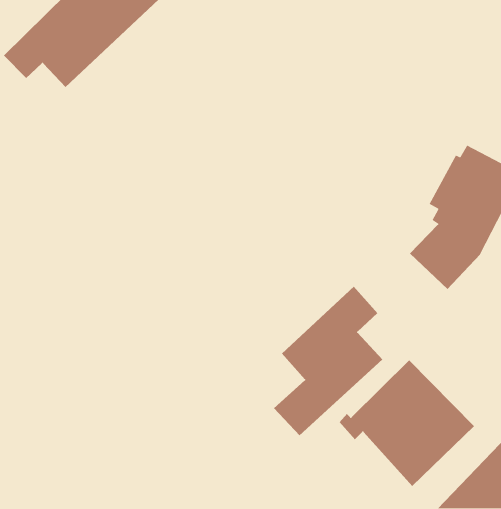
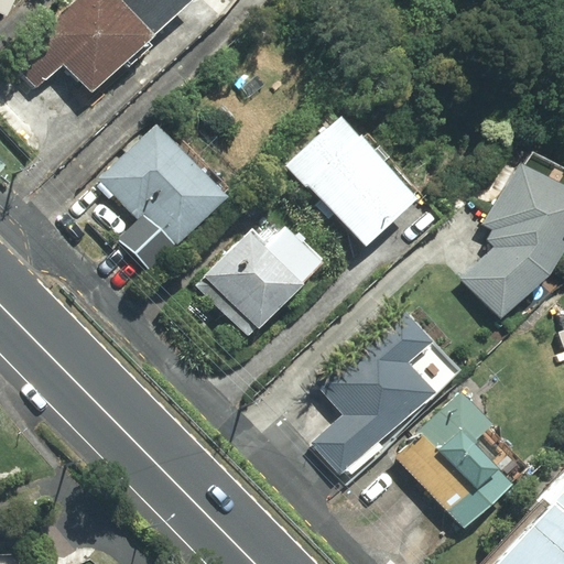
building: none -> [285,121,420,249]
building: none -> [101,128,224,270]
building: none -> [196,210,324,337]

